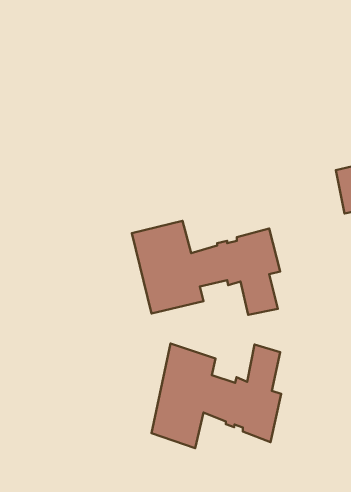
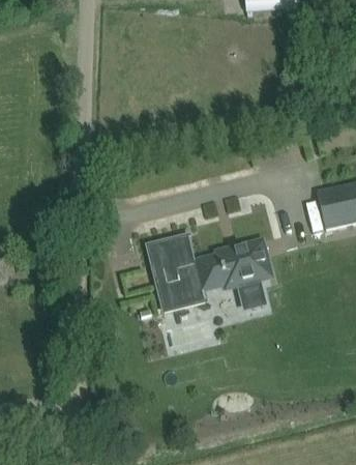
building: [151,343,281,448] -> none

